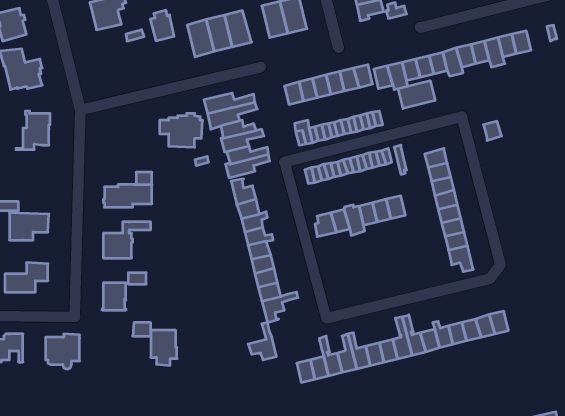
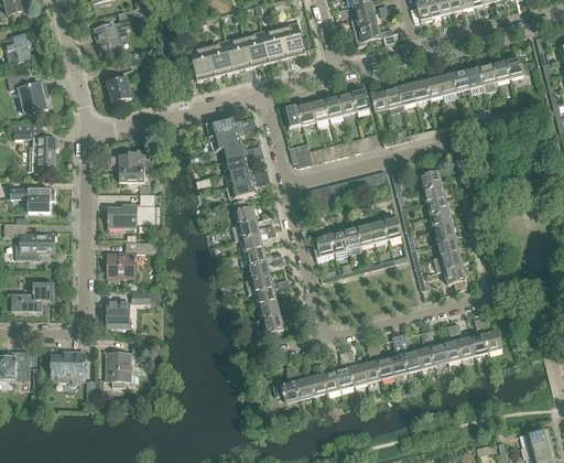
building: none -> [242,32,269,67]
building: [150,10,174,41] -> [107,73,130,103]
building: [398,81,435,109] -> none
building: [160,113,203,147] -> [110,150,152,183]
building: none -> [19,189,54,213]
building: [248,323,276,360] -> [272,366,300,402]
building: [151,330,177,365] -> [106,354,131,388]

